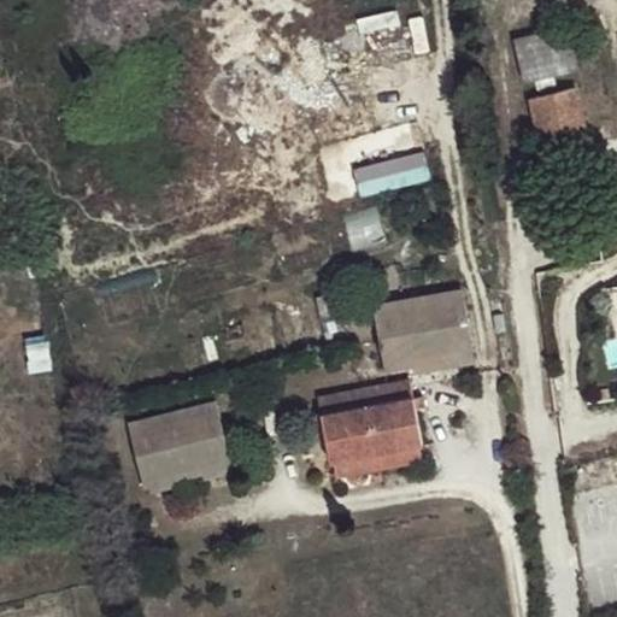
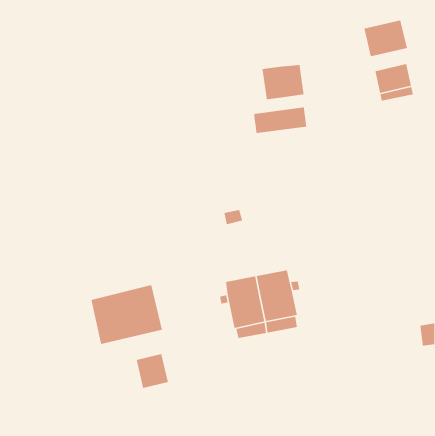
building: none -> [261,64,305,100]
building: [374,290,471,371] -> none
building: none -> [136,353,169,389]

